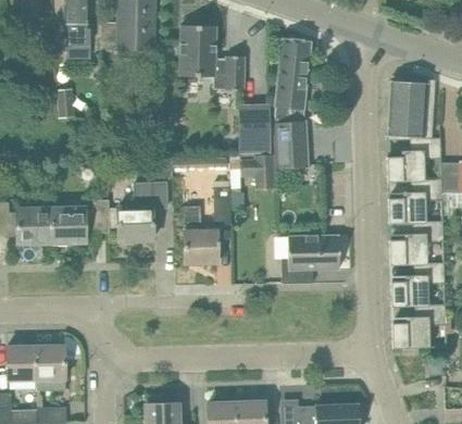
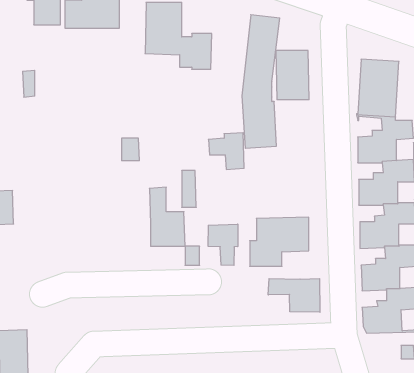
building: [238,104,271,152] -> [276,51,309,100]
building: [117,183,167,240] -> none
building: [50,200,109,241] -> none
building: none -> [208,224,238,265]
building: none -> [268,279,320,312]

